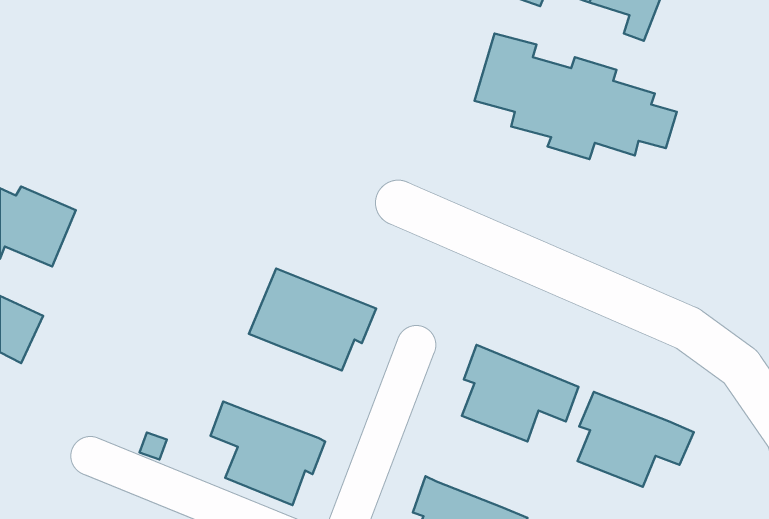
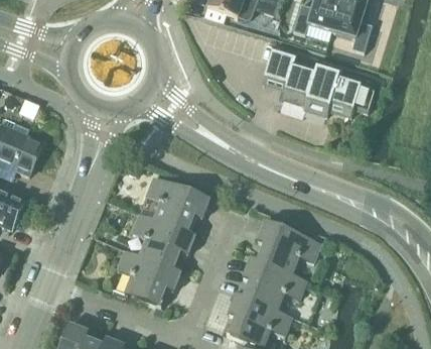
building: none -> [131,213,195,270]
building: [577,392,694,487] -> [242,256,306,309]

